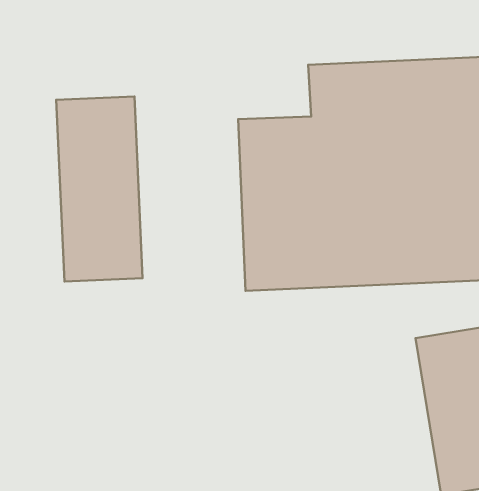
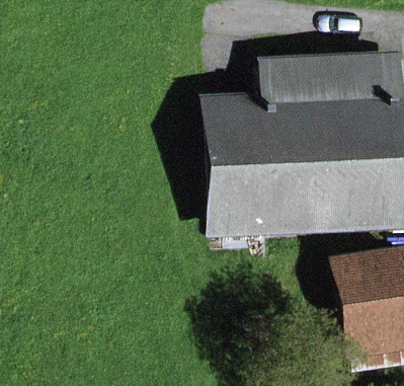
building: [56,96,143,282] -> none

